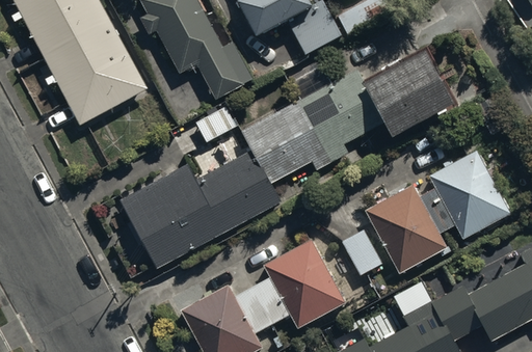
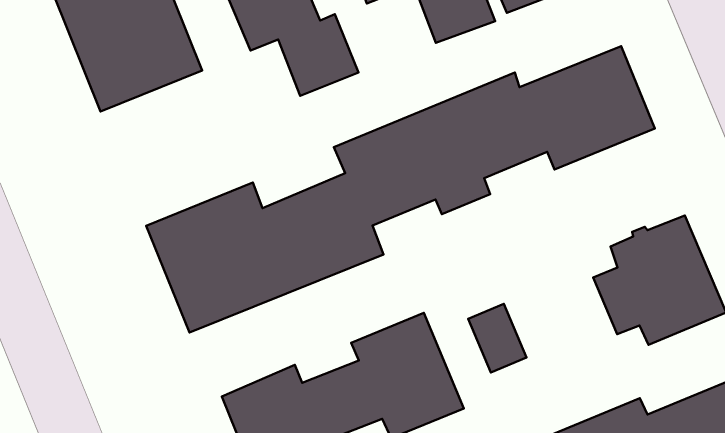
building: [368,189,449,277] -> none

